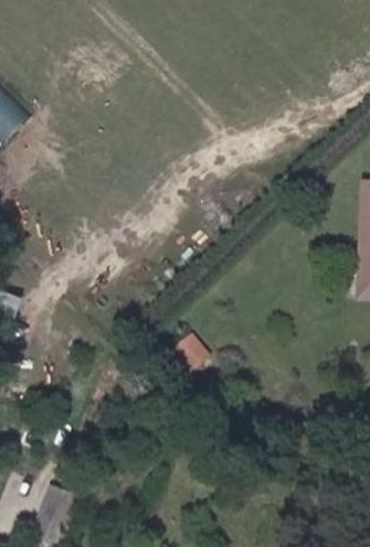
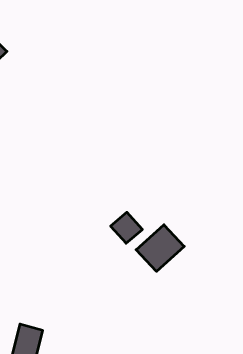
building: none -> [136,225,184,271]

